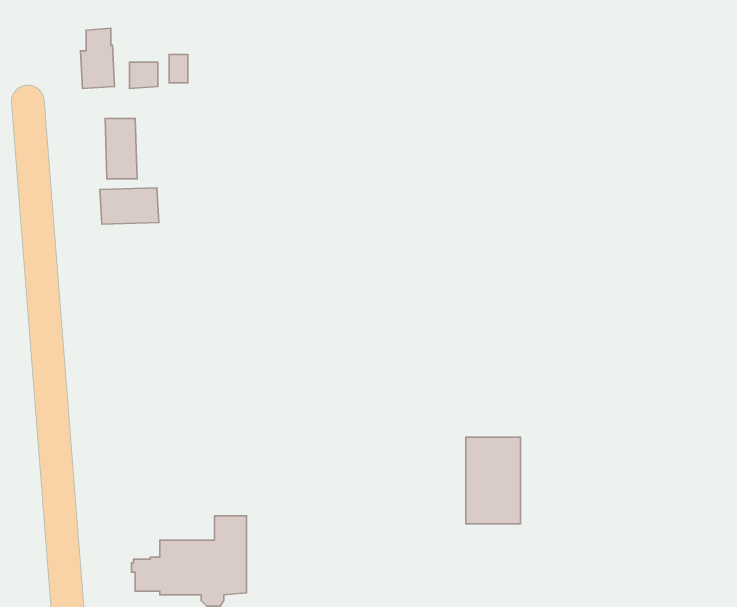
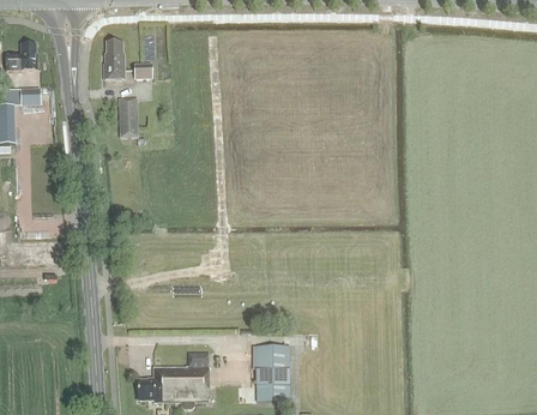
building: [100,188,159,224] -> none
building: [466,437,520,524] -> [255,345,290,401]

